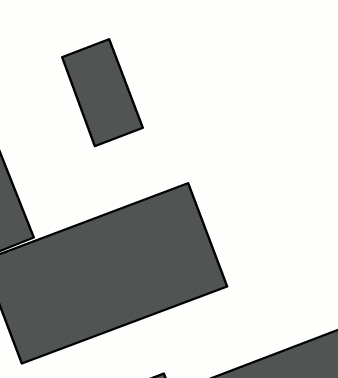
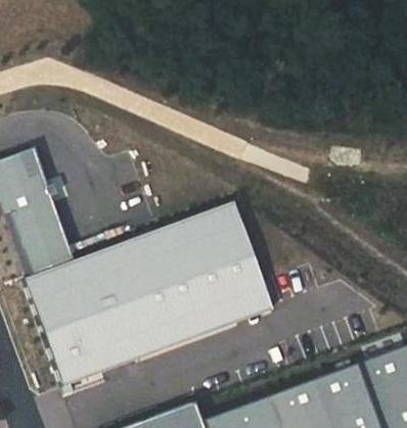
building: [62,39,143,146] -> none

